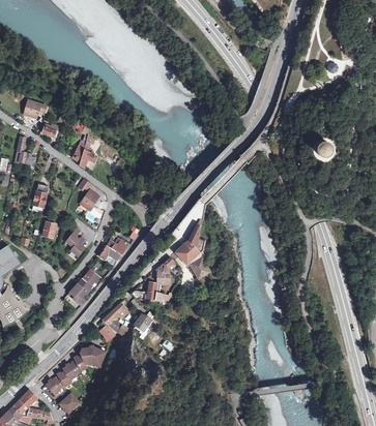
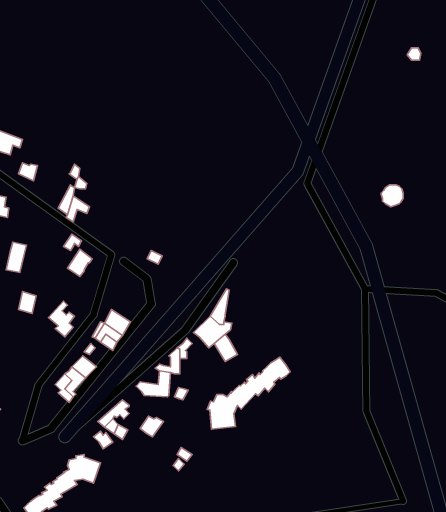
building: none -> [207,357,290,429]

